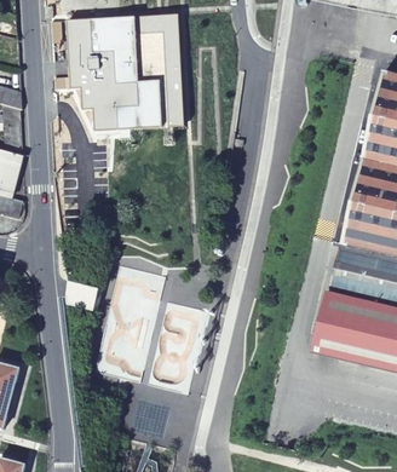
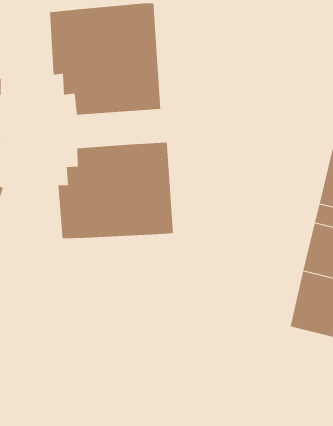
building: none -> [58,142,174,239]

